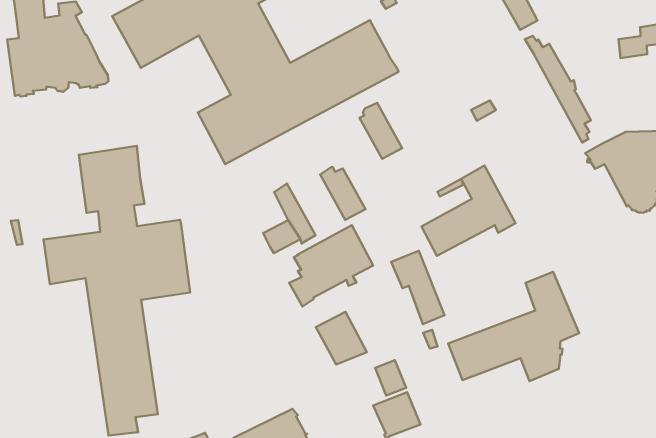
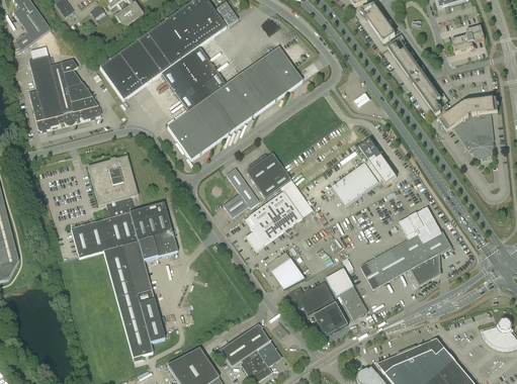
building: [359,103,402,159] -> [246,159,278,197]
building: [391,251,445,324] -> [326,268,367,318]
building: none -> [288,286,322,313]

